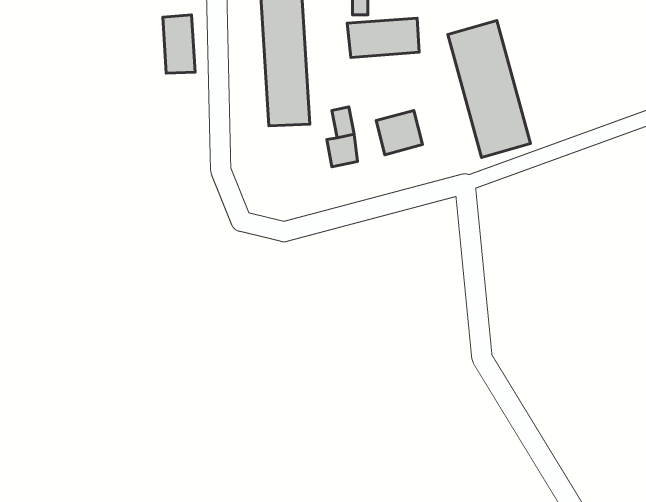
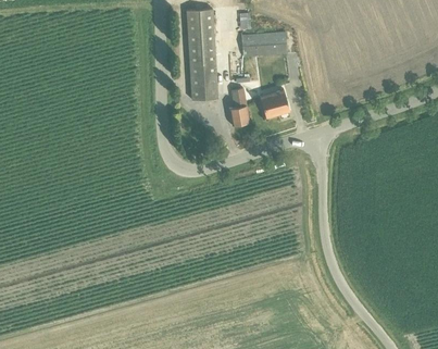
building: [163,15,195,73] -> none
building: [448,21,530,158] -> none

